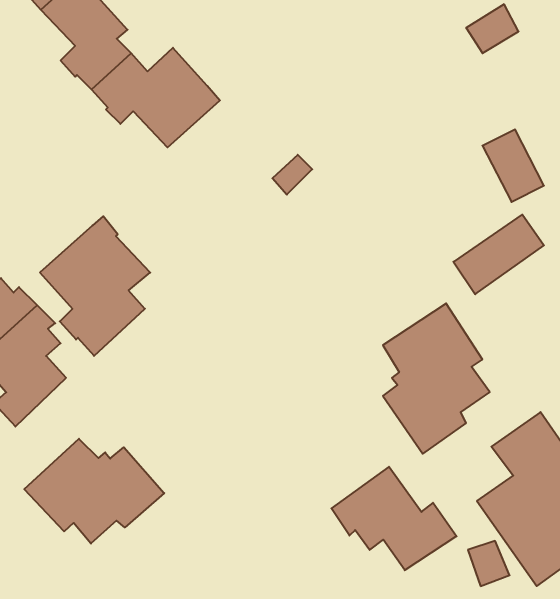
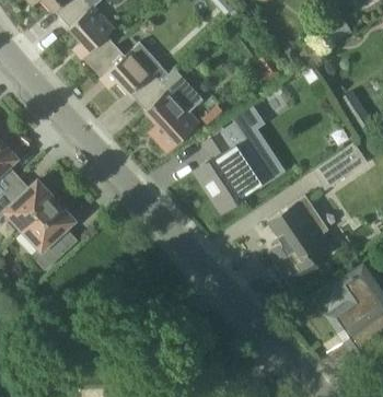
building: none -> [197,110,271,211]
building: [40,216,150,356] -> [138,68,205,152]
building: [24,439,164,544] -> none
building: [331,467,457,570] -> none

